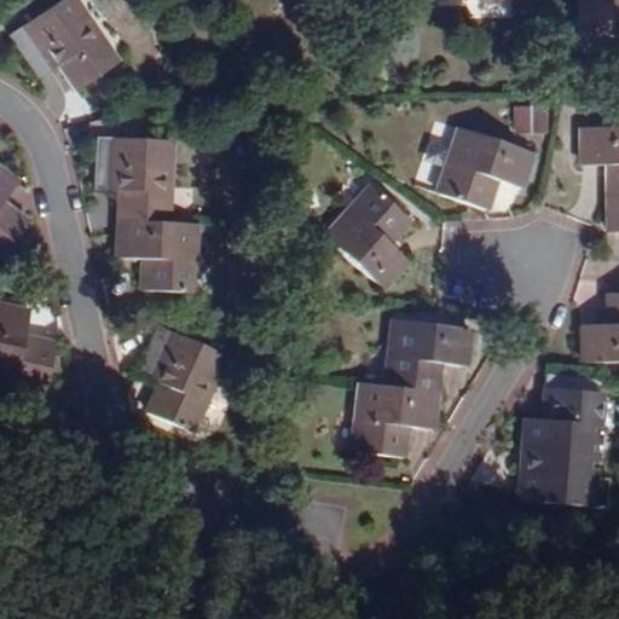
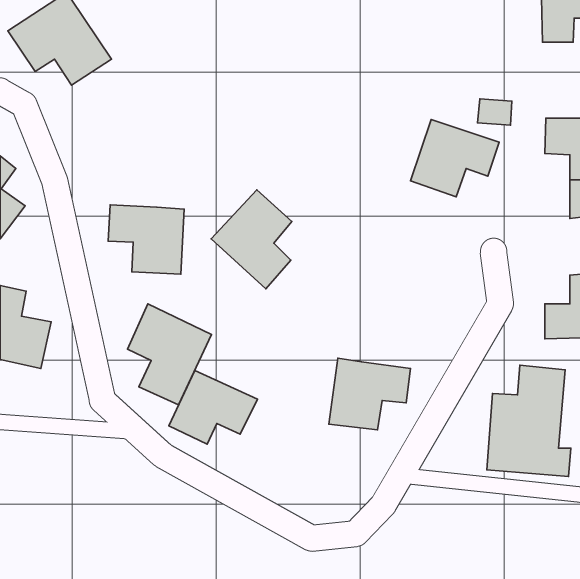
building: [96,135,172,220] -> none
building: [323,184,409,289] -> [211,190,292,289]
building: [386,319,470,392] -> none
building: none -> [169,370,257,444]

